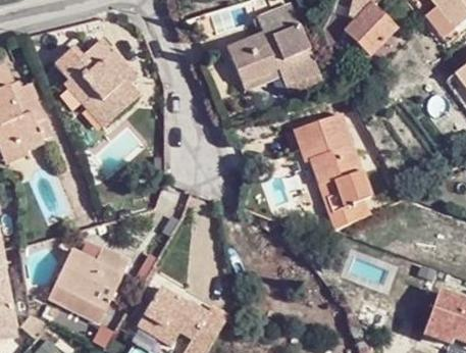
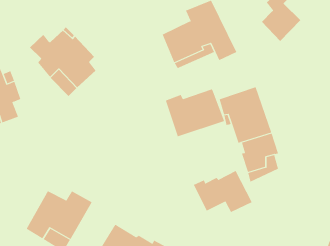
building: none -> [165,88,225,137]
building: none -> [193,170,253,213]

